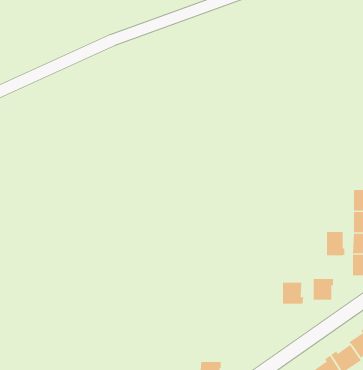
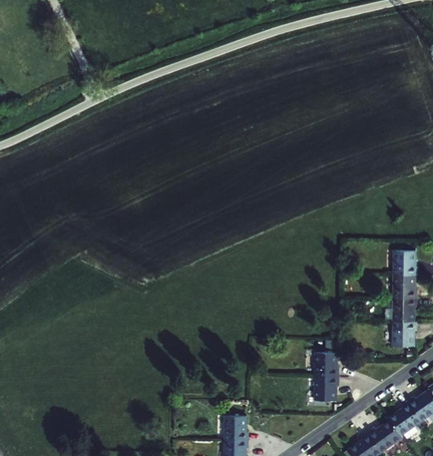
building: [327,231,345,256] -> none
building: [313,278,334,300] -> [315,378,338,402]
building: none -> [225,417,249,441]

